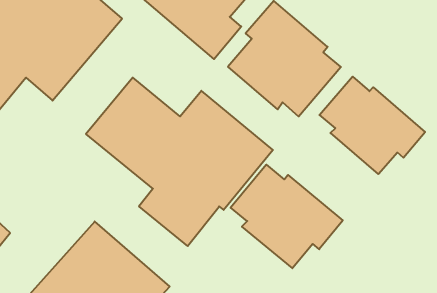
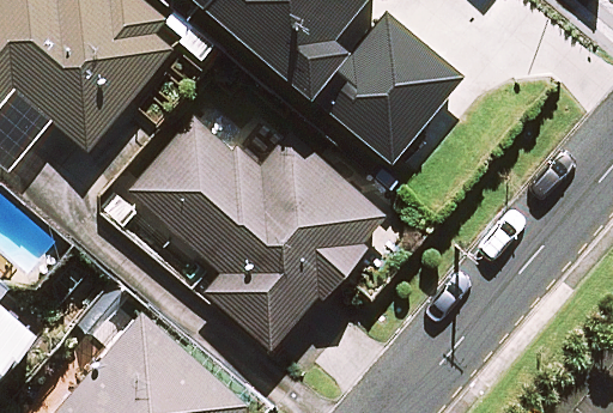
building: [319,77,425,174] -> none
building: [231,165,343,268] -> none

